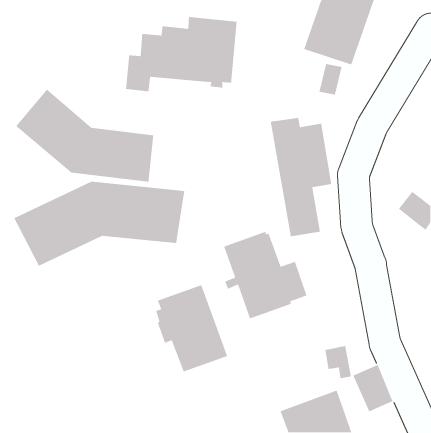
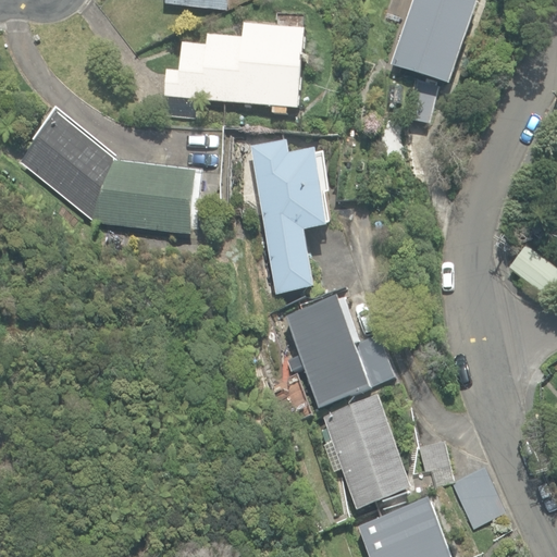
building: [270,117,332,237] -> [249,139,329,293]
building: [13,181,185,267] -> none
building: [155,284,228,373] -> [320,395,413,508]

